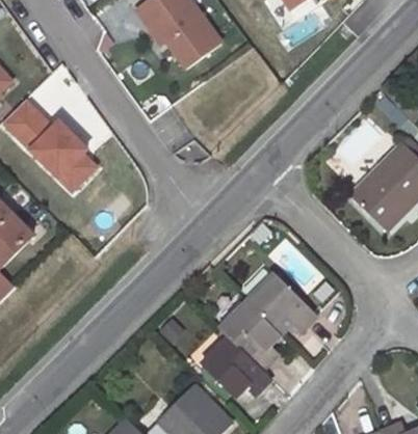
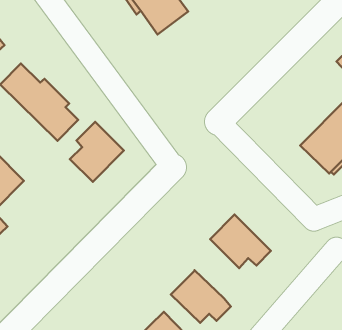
building: none -> [70,122,124,182]
building: [219,301,280,369] -> none

